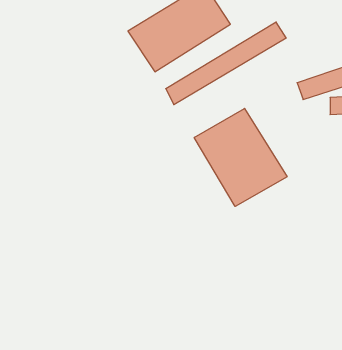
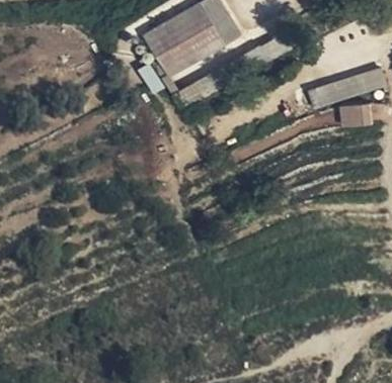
building: [194,108,287,206] -> none

